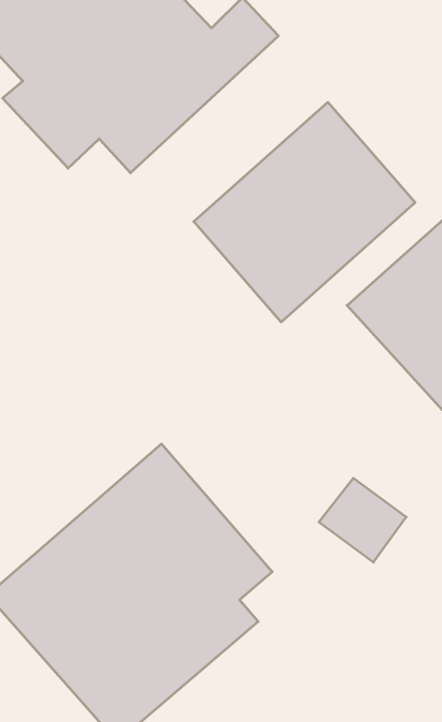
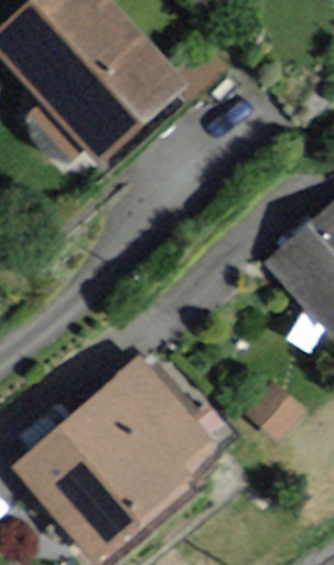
building: [194,102,415,322] -> none

